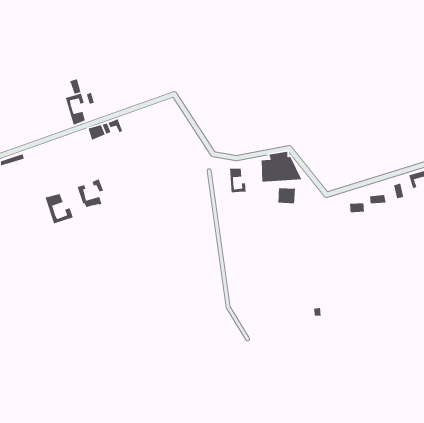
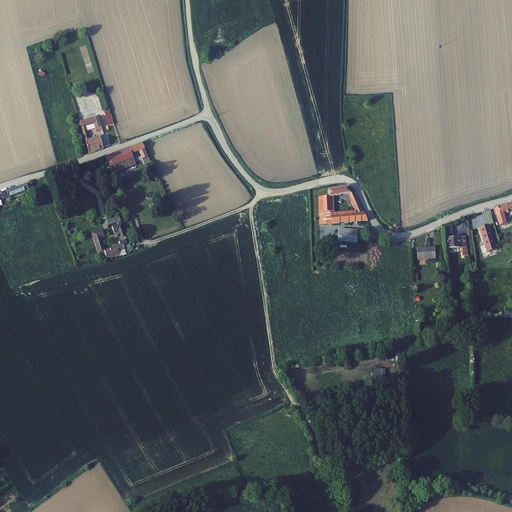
building: [229,168,246,193] -> none
building: [44,193,74,225] -> none

